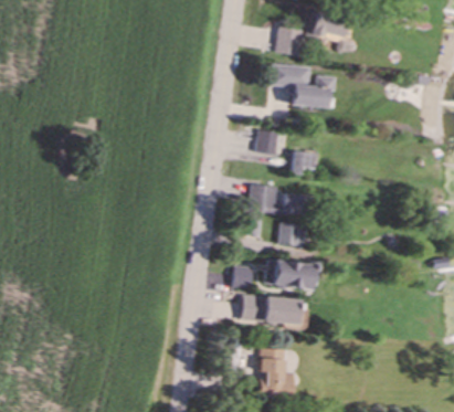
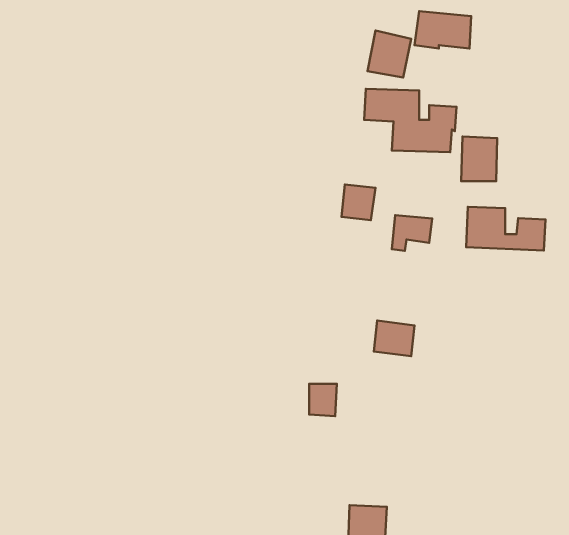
building: none -> [461,136,497,181]
building: [250,184,304,214] -> [466,207,546,250]
building: [264,260,310,288] -> none
building: [242,295,299,323] -> none

